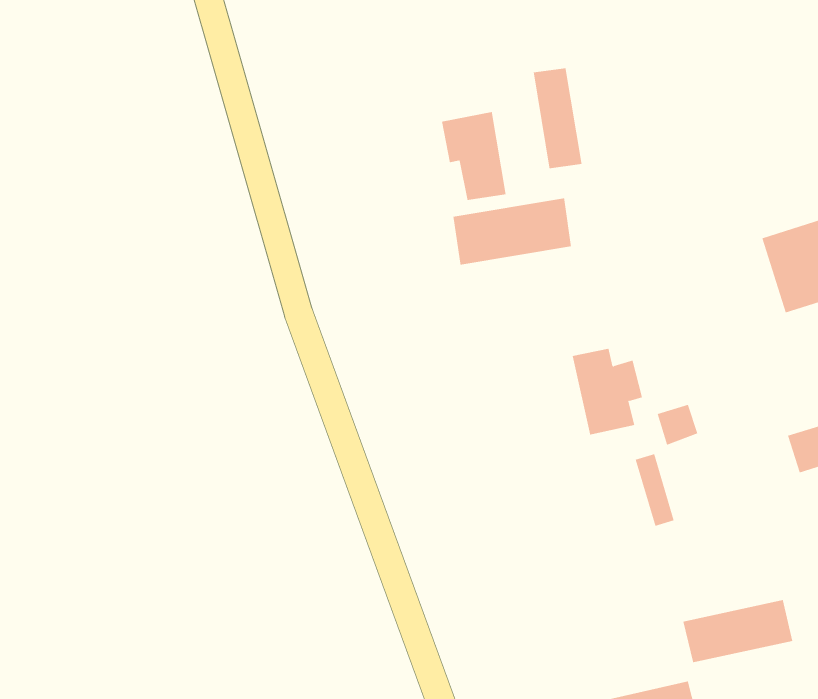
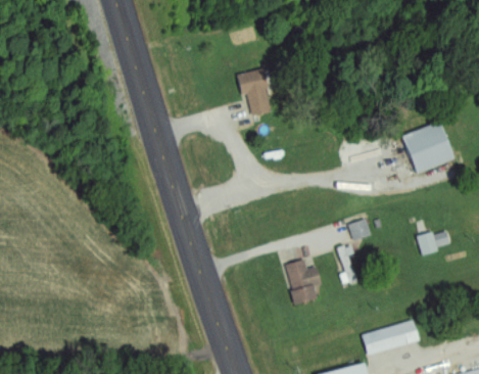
building: [533,67,582,169] -> none
building: [453,198,572,265] -> none
building: [572,348,643,435] -> [285,260,322,305]

